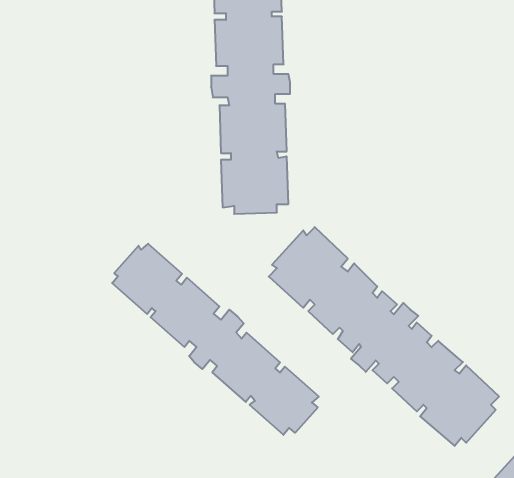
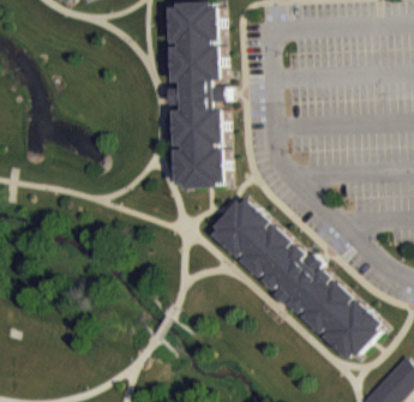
building: [112,244,319,435] -> none

